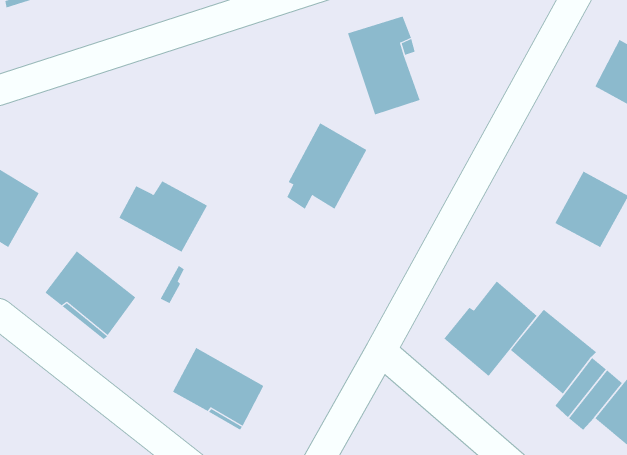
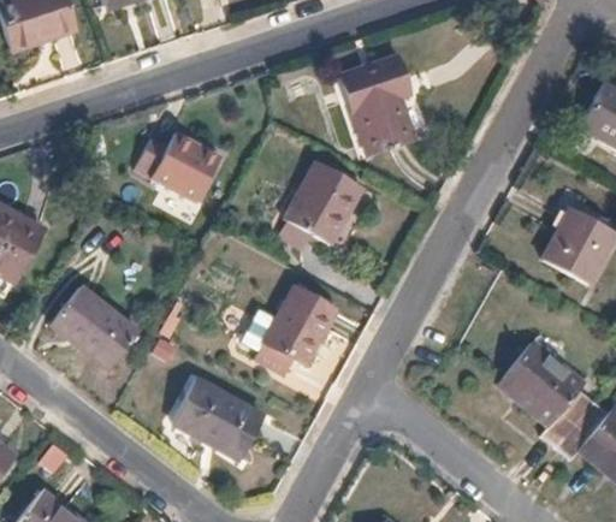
building: [118,181,208,253] -> [135,132,221,202]
building: none -> [245,286,336,374]
building: [443,280,537,377] -> none

